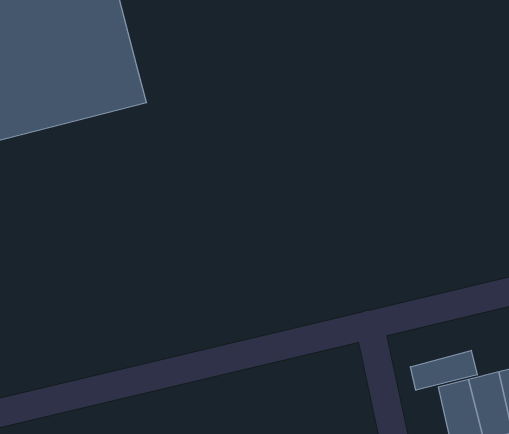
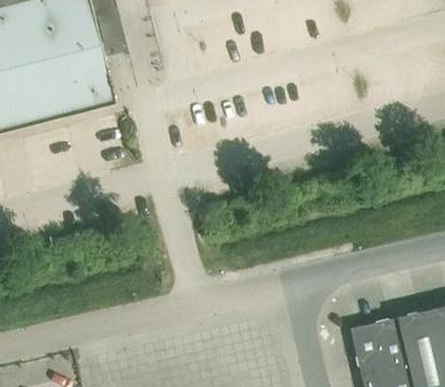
building: [410,350,477,390] -> none

